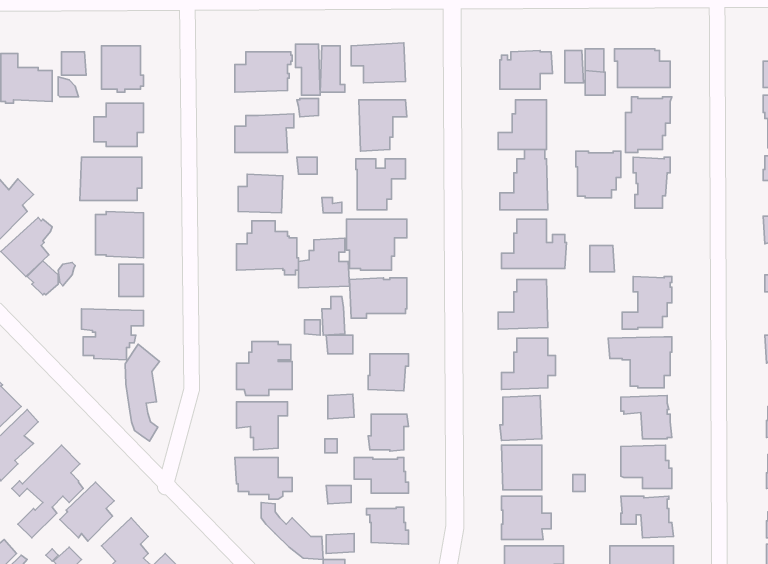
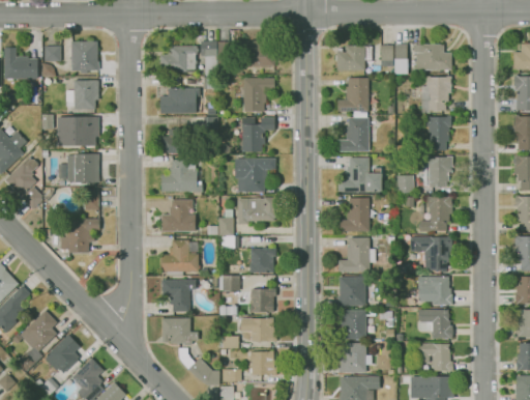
building: [576,151,621,198] -> [422,155,452,187]
building: [298,238,350,288] -> [161,199,196,232]
building: [125,344,160,441] -> none

